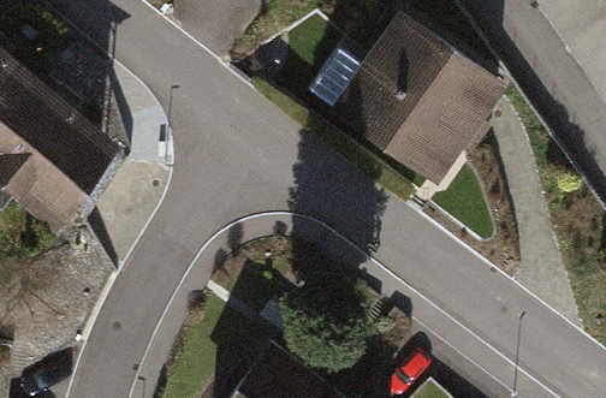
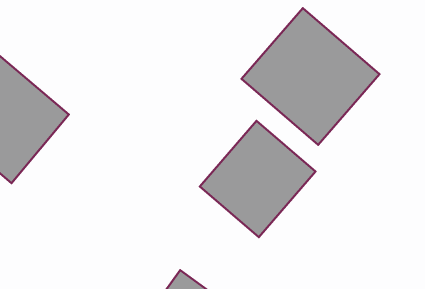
building: none -> [200,121,315,237]

